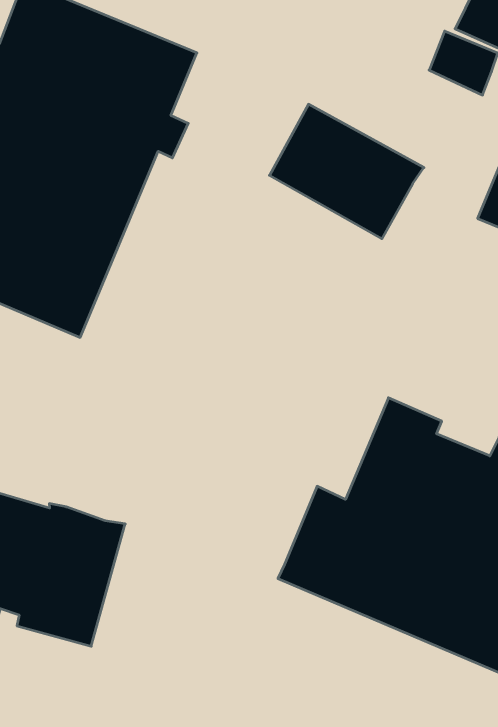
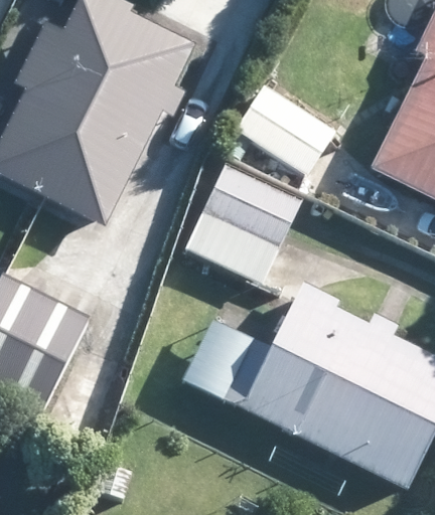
building: none -> [187,167,298,283]

